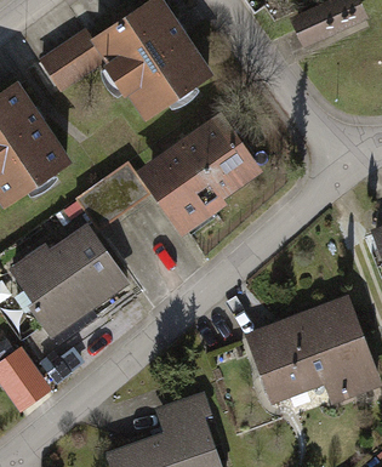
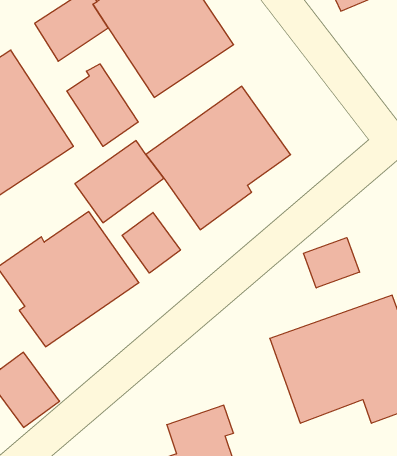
building: none -> [67,64,138,146]
building: none -> [122,212,180,273]
building: none -> [304,238,360,288]

